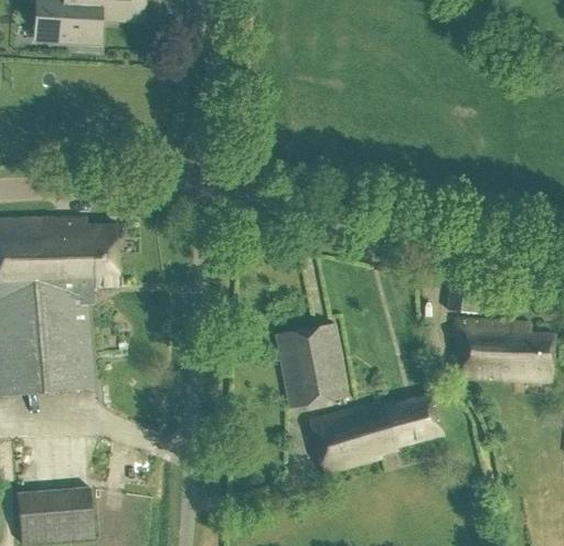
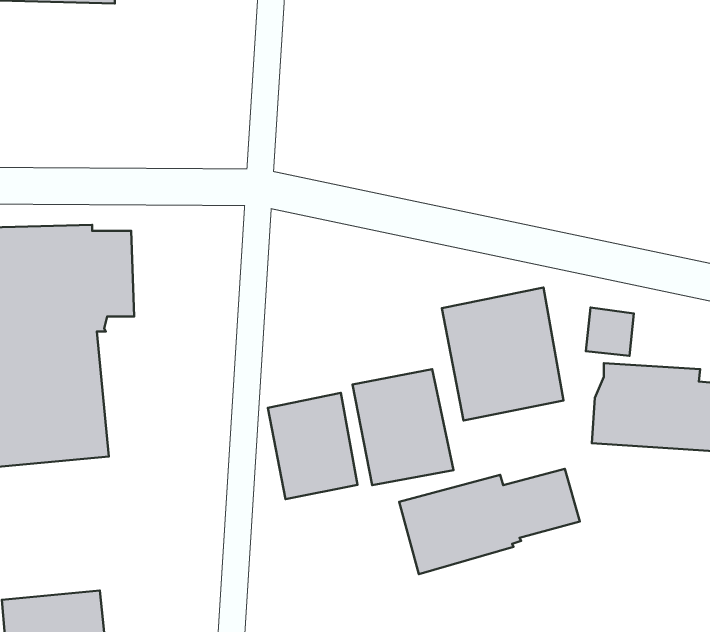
building: none -> [442,287,564,420]
building: none -> [268,393,357,499]

